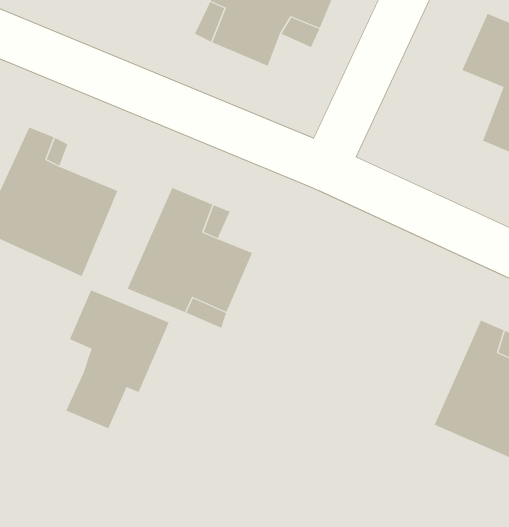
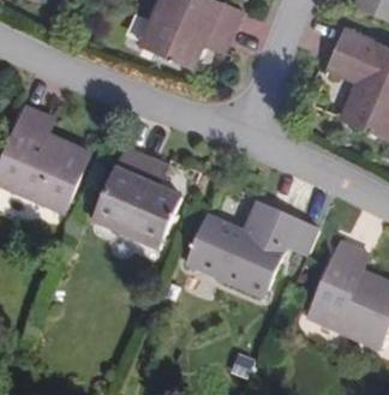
building: none -> [187,204,297,298]
building: [65,289,170,429] -> none

